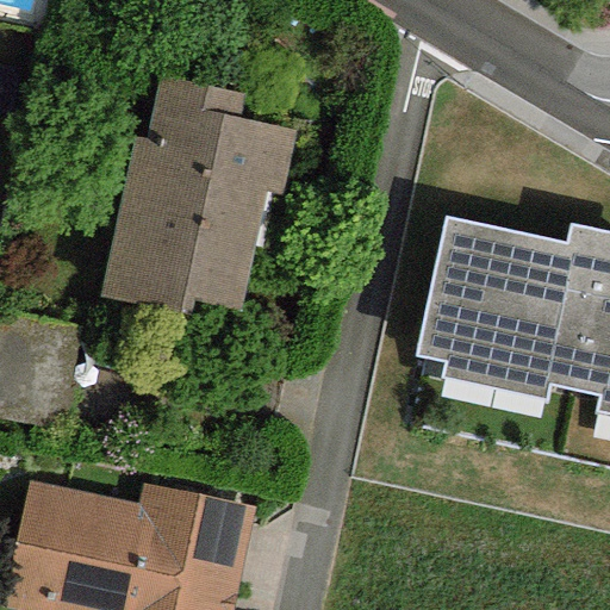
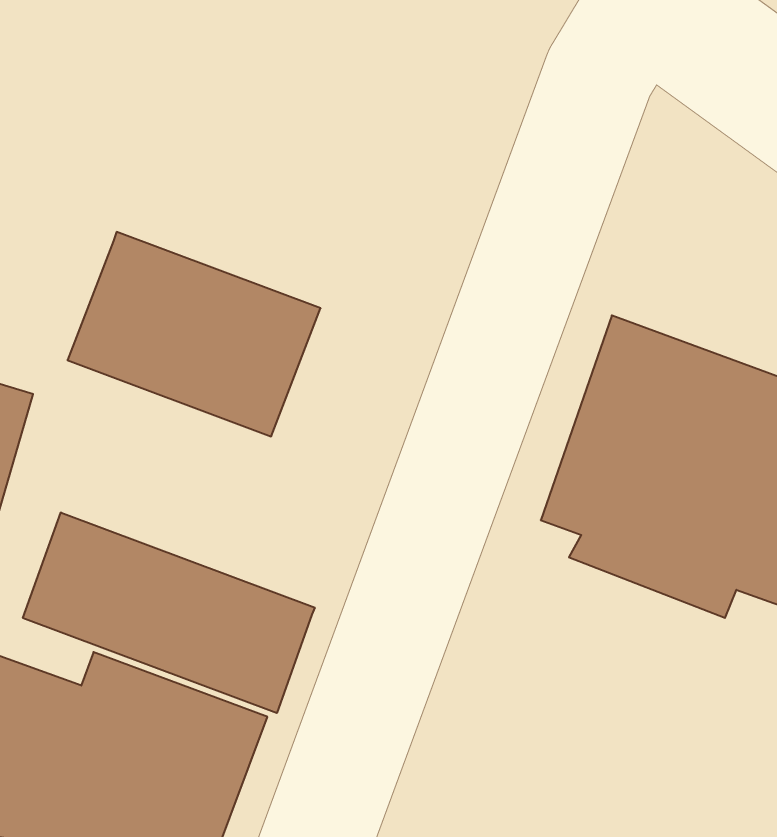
building: [118,75,295,239] -> none
building: none -> [23,512,315,713]

